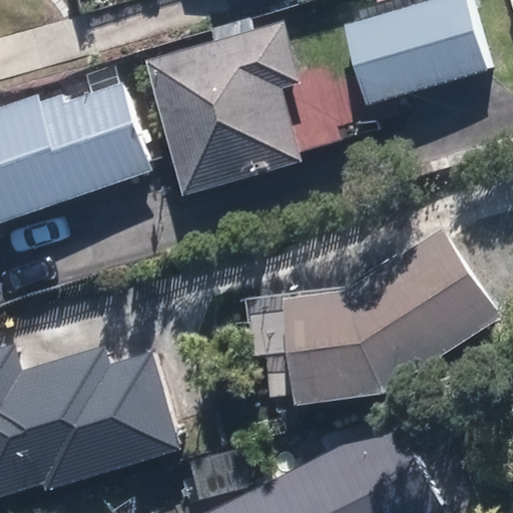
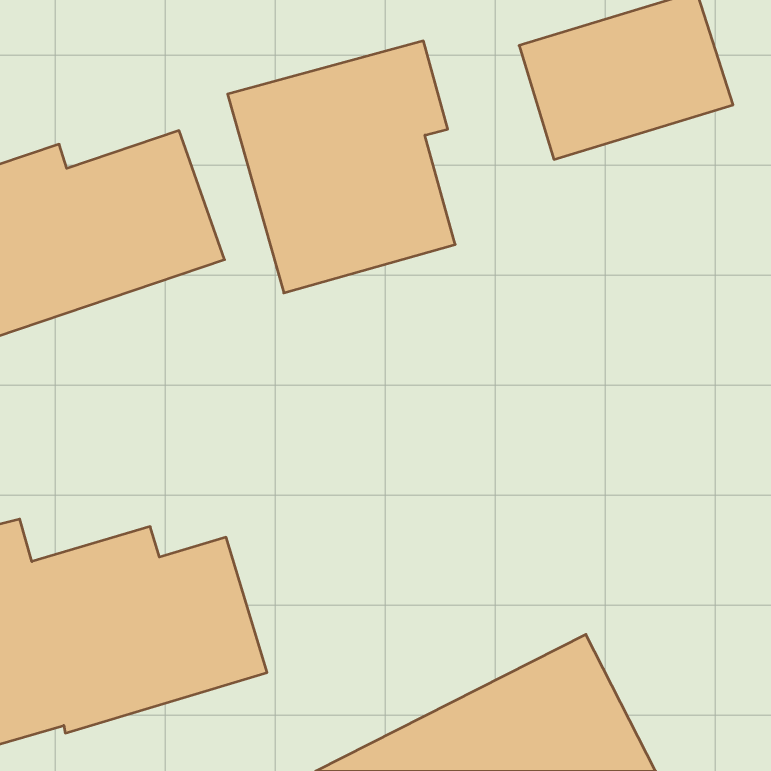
building: [284,232,498,404] -> none

